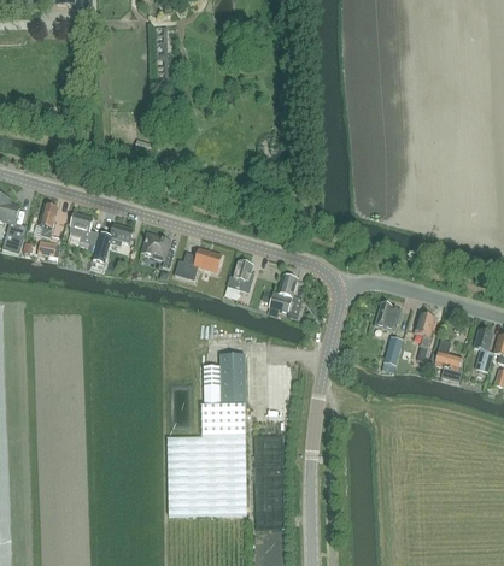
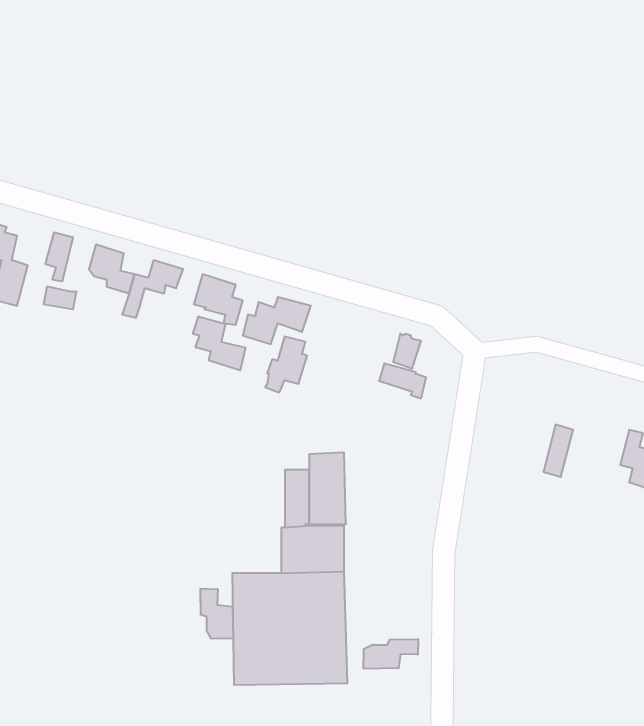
building: [225,260,254,299] -> [265,336,307,392]
building: none -> [193,316,245,370]
building: [375,302,402,331] -> none
building: [415,312,435,361] -> none
building: none -> [201,589,233,639]
building: none -> [363,639,418,669]

